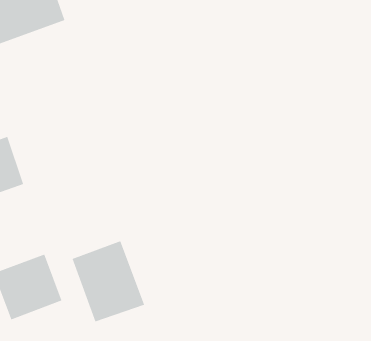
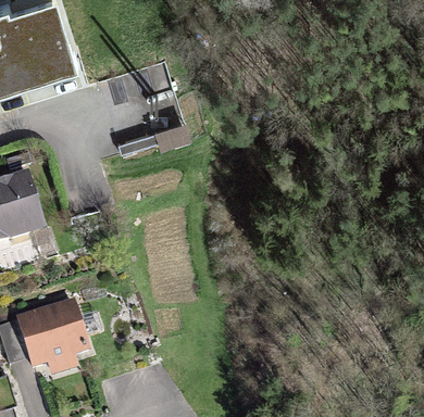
building: [71,240,145,323] -> none

